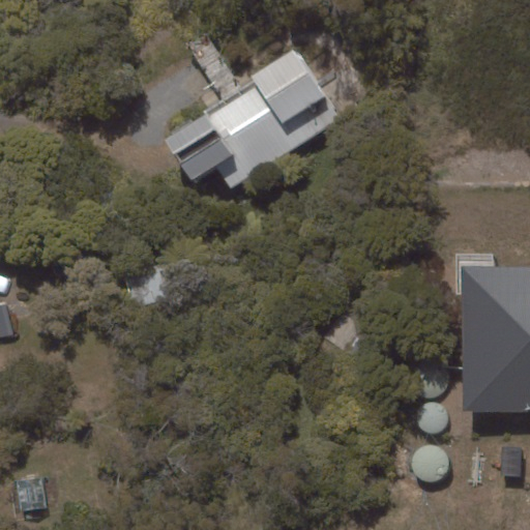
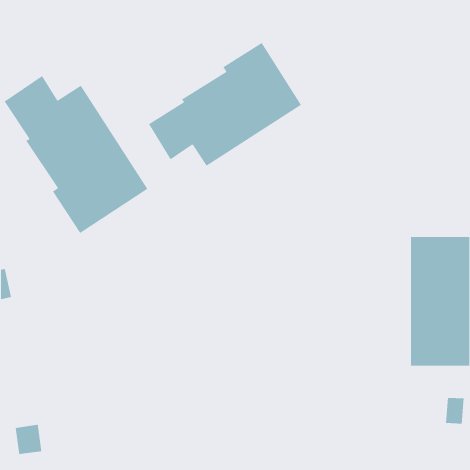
building: none -> [4,75,148,234]

